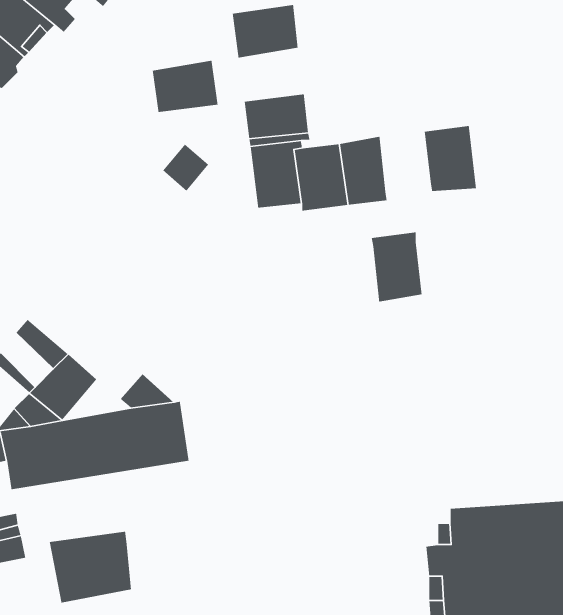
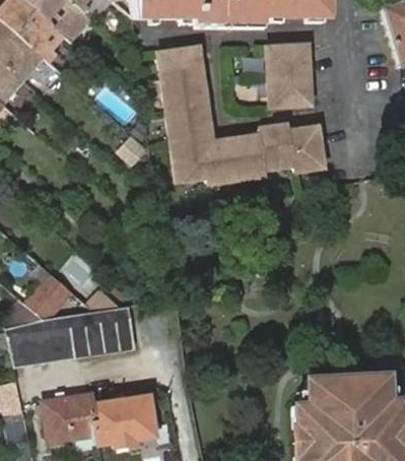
building: none -> [265,44,312,109]
building: [152,60,218,113] -> [166,71,211,107]
building: [371,231,422,303] -> [261,120,295,168]
building: none -> [92,398,153,447]

